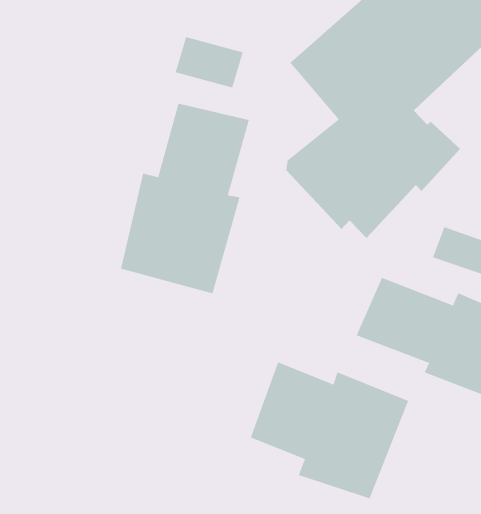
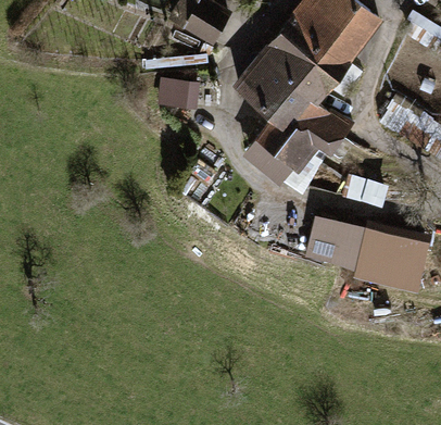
building: [121,103,250,294] -> none
building: [250,362,409,499] -> none

